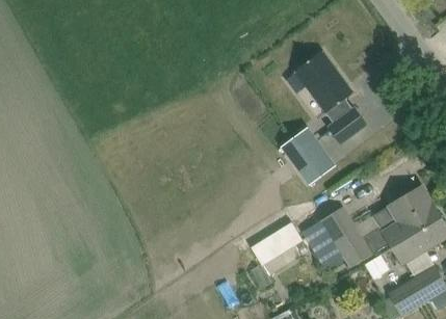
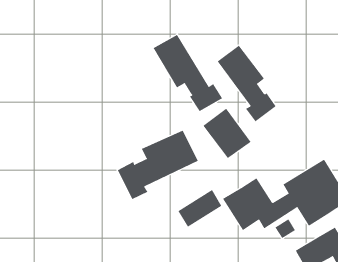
building: none -> [153,34,223,112]
building: none -> [117,130,199,200]

